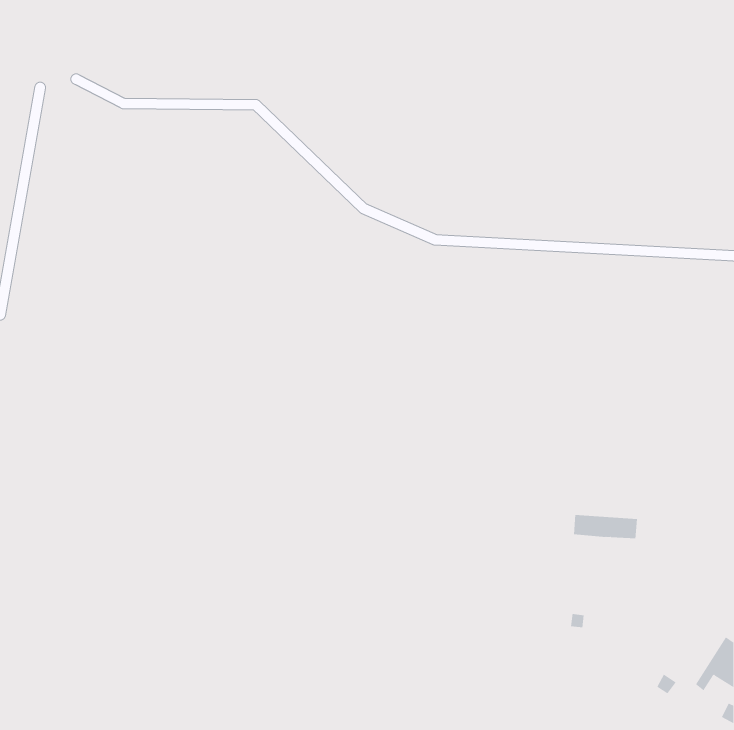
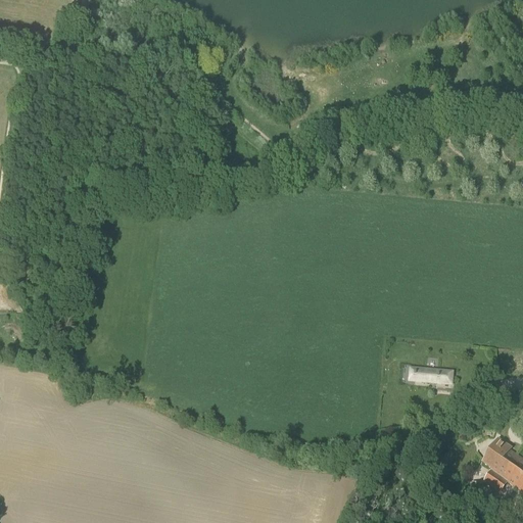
building: none -> [483,438,516,486]

